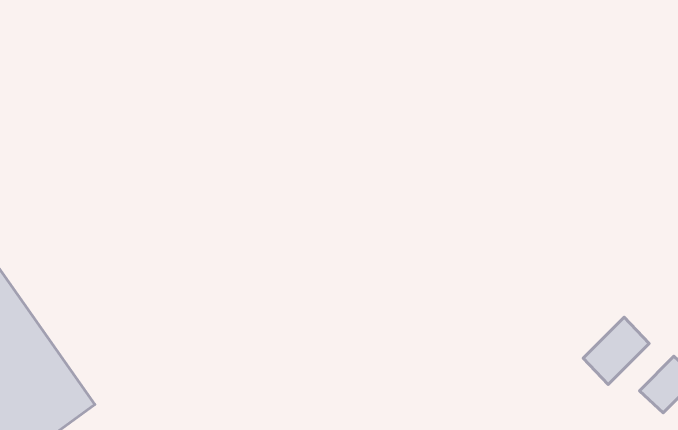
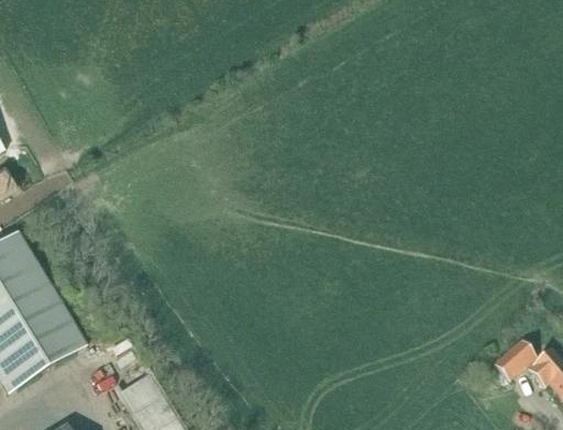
building: [583,317,649,385] -> none

